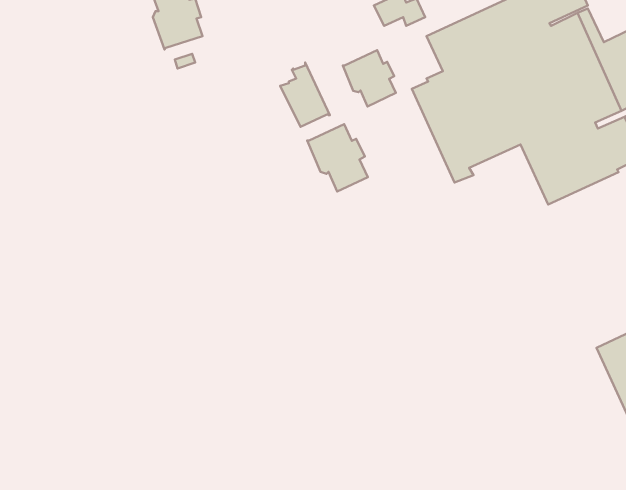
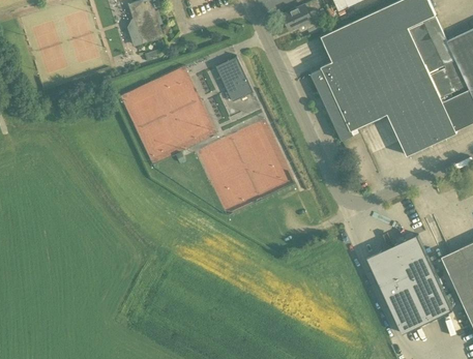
building: [343,50,396,106] -> none
building: [307,124,368,192] -> none
building: none -> [367,234,453,332]

